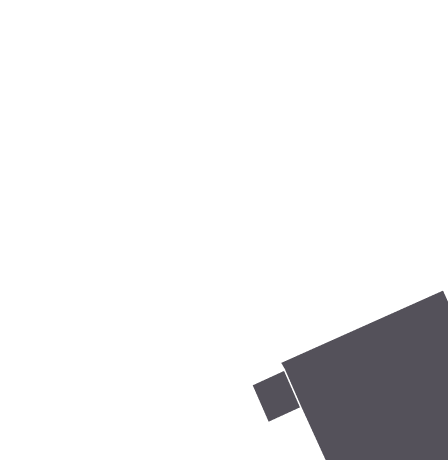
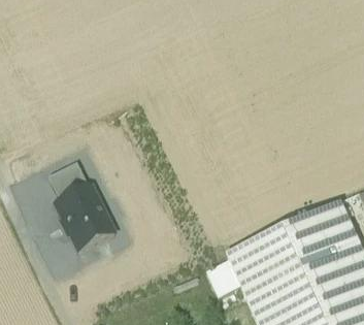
building: none -> [51,162,120,255]

